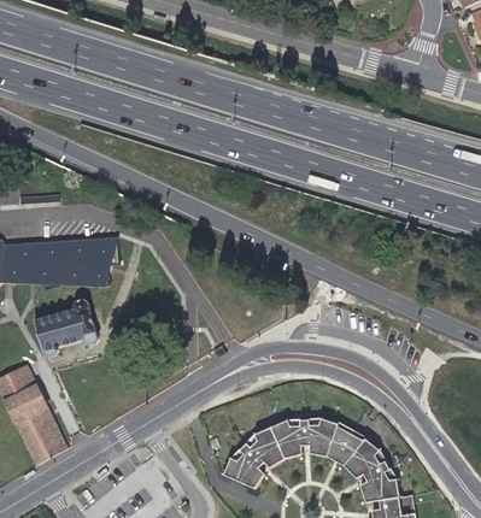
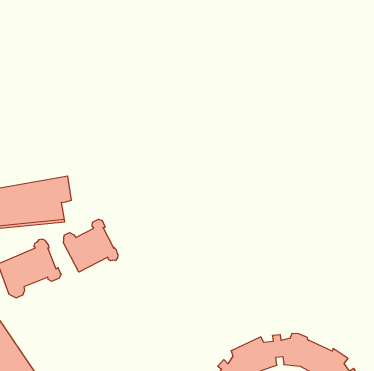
building: none -> [63,219,118,272]

